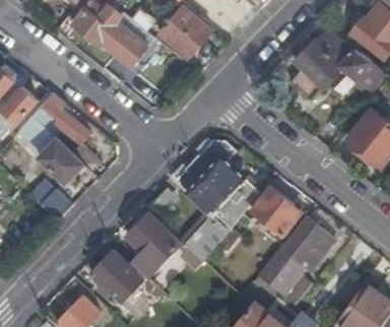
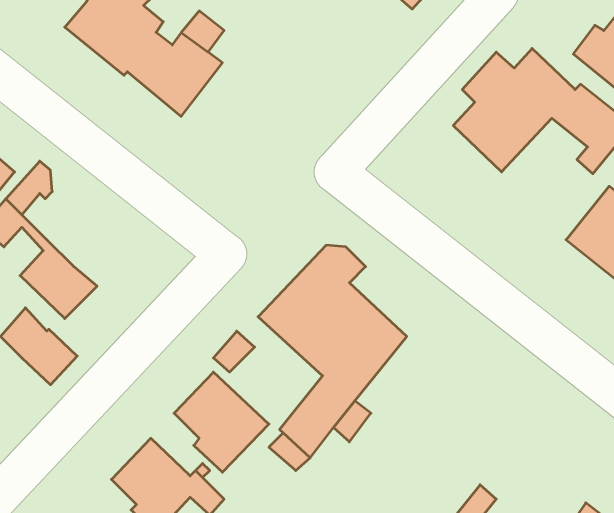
building: [156,7,209,57] -> none
building: [53,110,88,154] -> none
building: [250,188,301,238] -> none
building: [257,218,334,285] -> none

